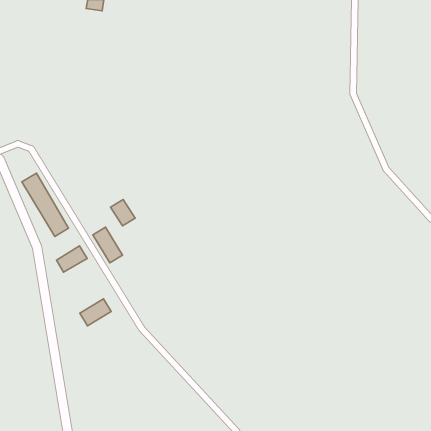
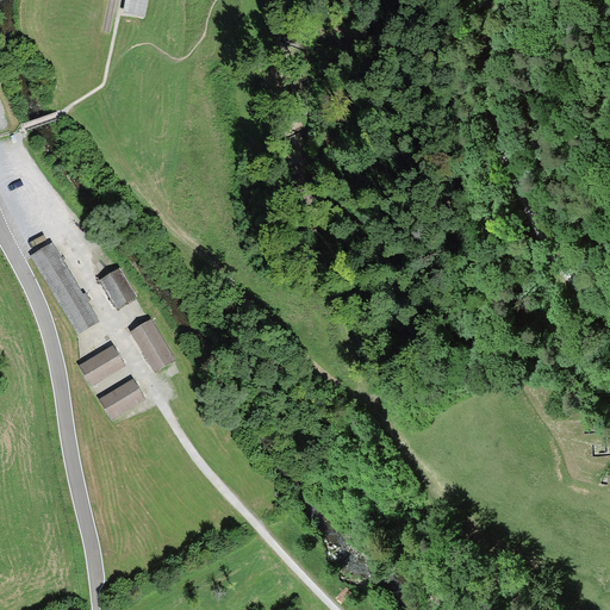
building: [111,200,135,226] -> [100,269,135,306]
building: [80,299,111,326] -> [99,380,143,418]

